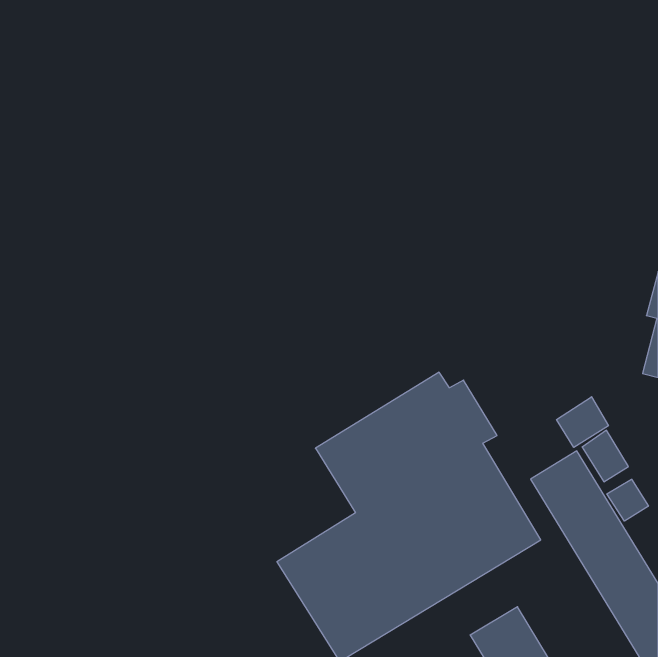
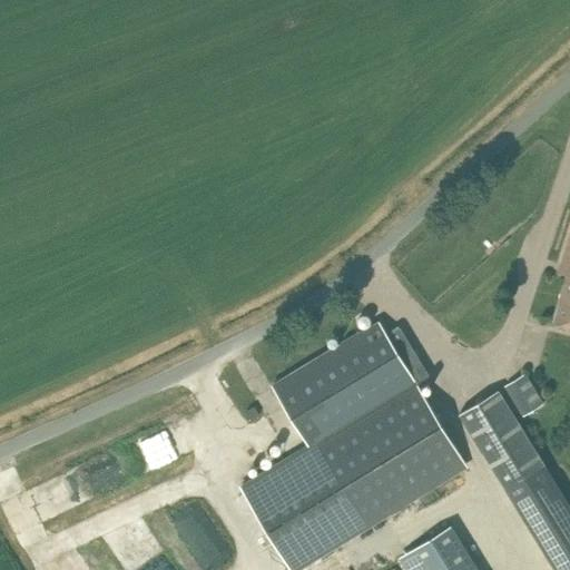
building: [557,397,608,447] -> none
building: [607,479,648,521] -> none

